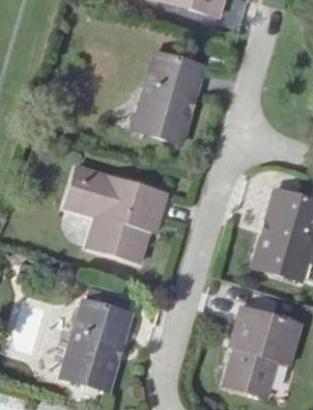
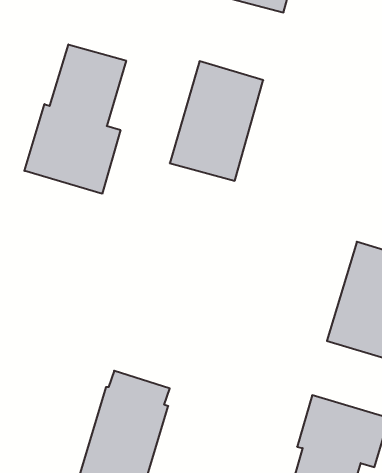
building: none -> [24,44,126,194]
building: [66,169,166,264] -> none

